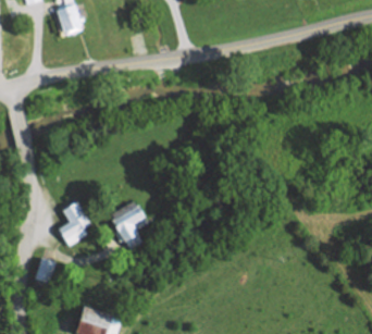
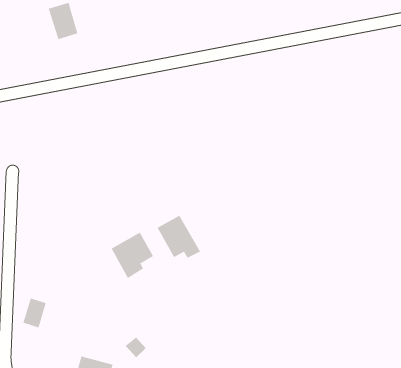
building: none -> [157,215,201,258]
building: [61,202,91,245] -> none

